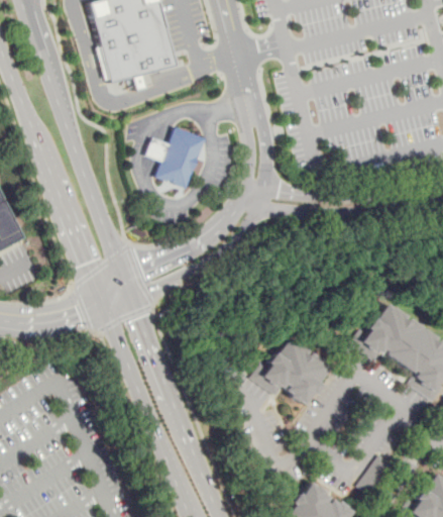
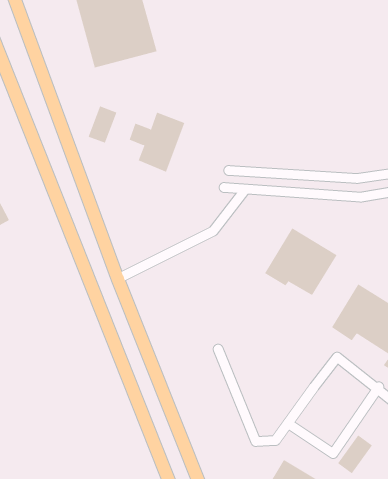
building: none -> [88,106,117,143]
building: [254,335,329,405] -> [264,228,337,296]

